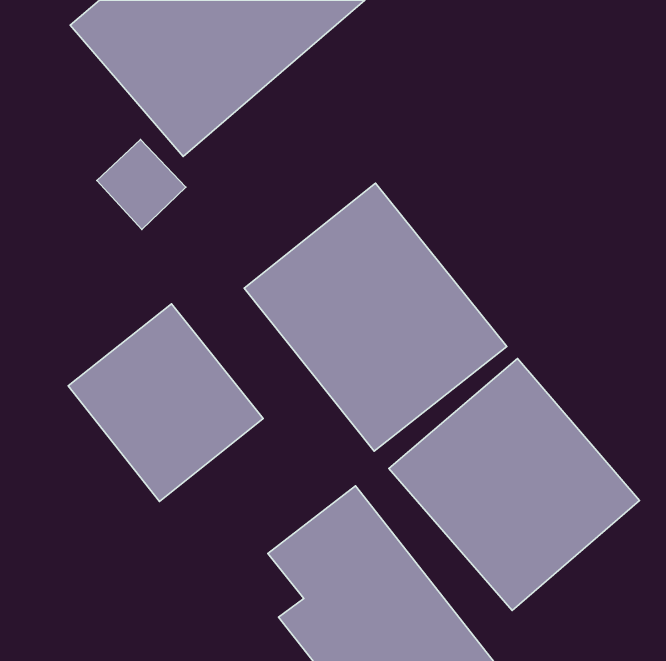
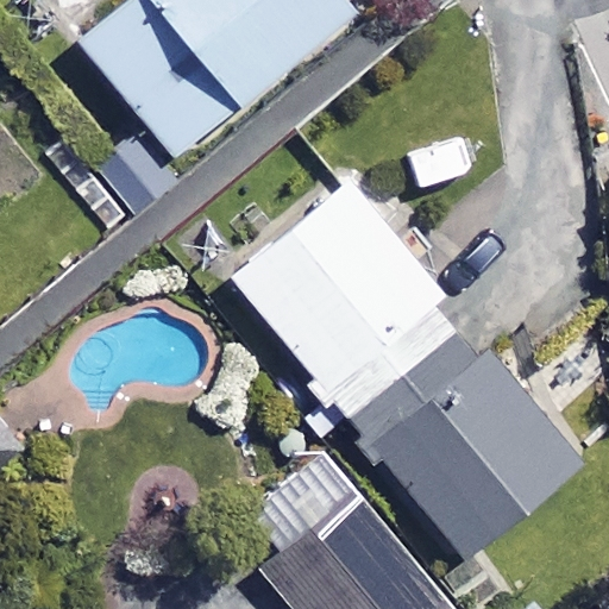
building: [68,304,263,502] -> none

